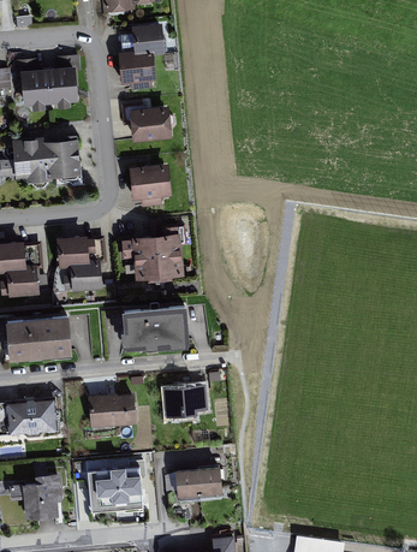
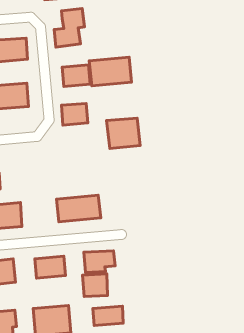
building: none -> [89,57,132,86]
building: [130,233,180,279] -> [107,118,140,149]
building: [56,237,99,290] -> none
building: none -> [82,274,107,297]

